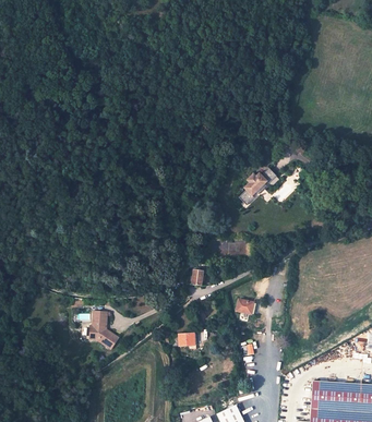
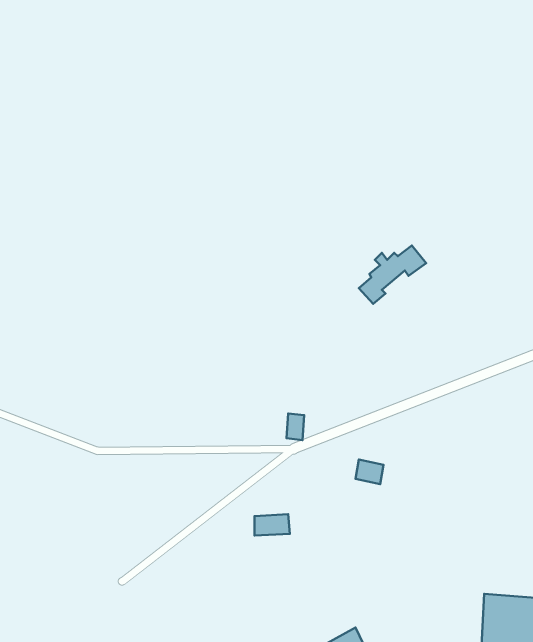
building: [88,310,117,349] -> none

